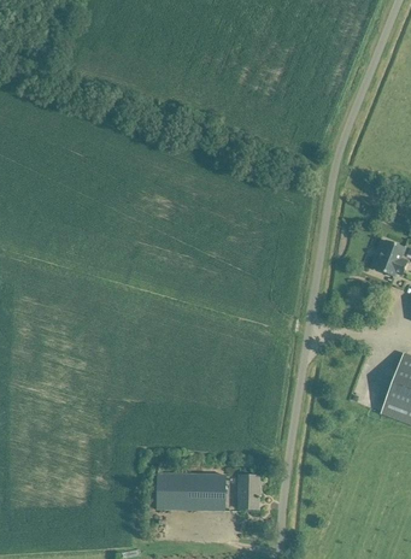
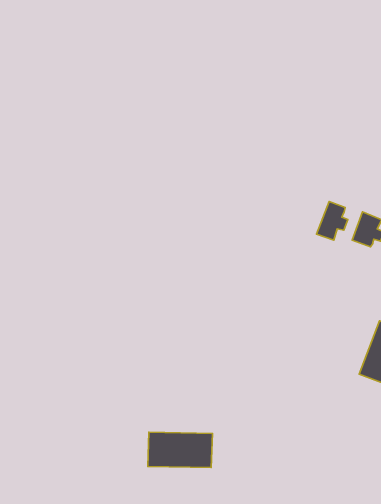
building: none -> [316,202,348,240]
building: [240,475,260,507] -> none

